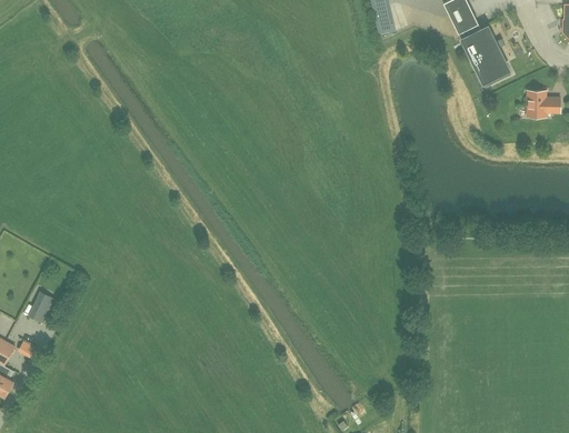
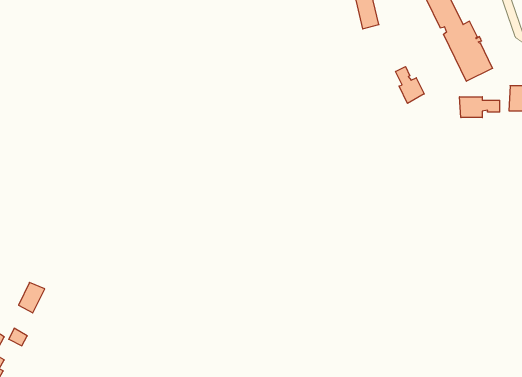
building: none -> [396,67,424,103]
building: none -> [460,97,500,118]

